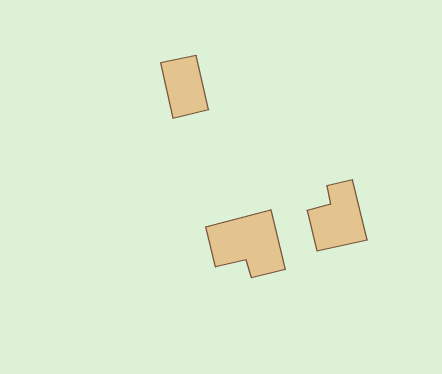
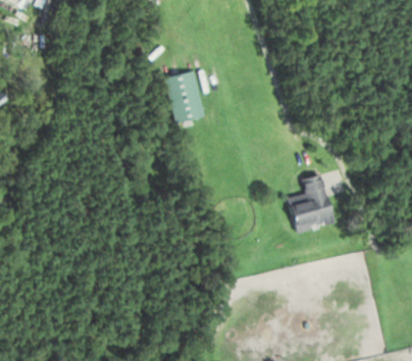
building: [206,210,285,278] -> none

